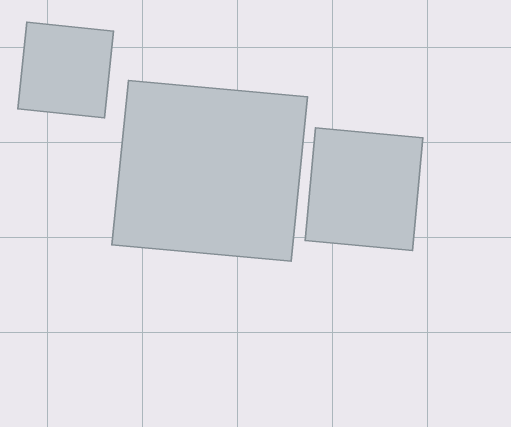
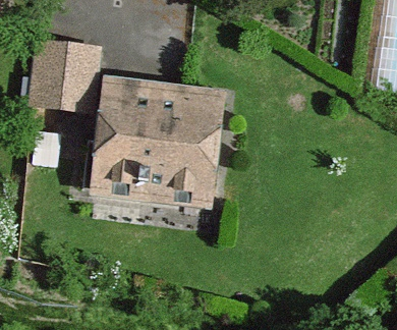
building: [305,128,423,250] -> none

